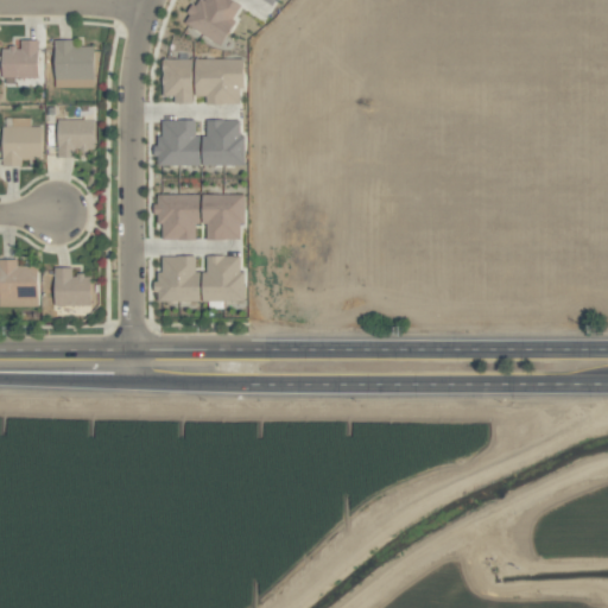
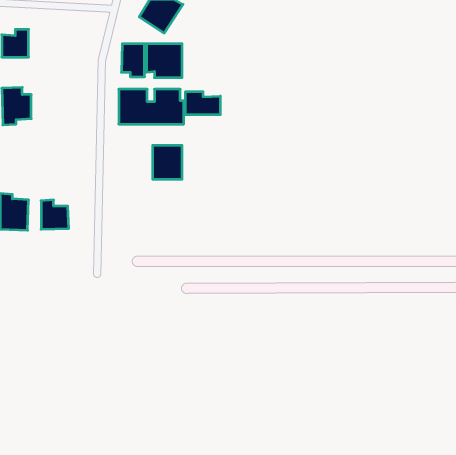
building: [55,39,94,87] -> none
building: [57,119,95,157] -> none
building: none -> [186,92,220,115]
building: [156,194,198,239] -> none
building: [158,255,245,300] -> none

